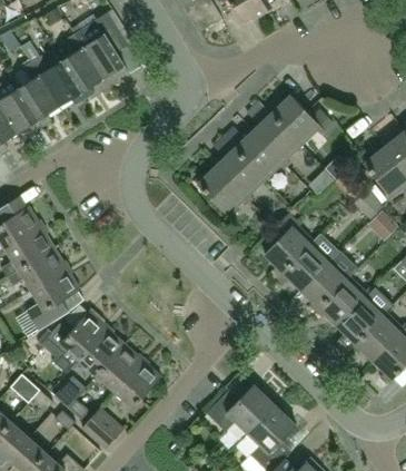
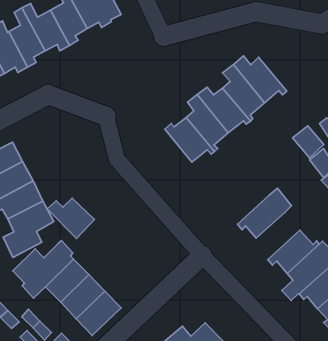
building: [266,215,314,277] -> none
building: [303,253,357,313] -> none
building: none -> [47,198,95,239]

